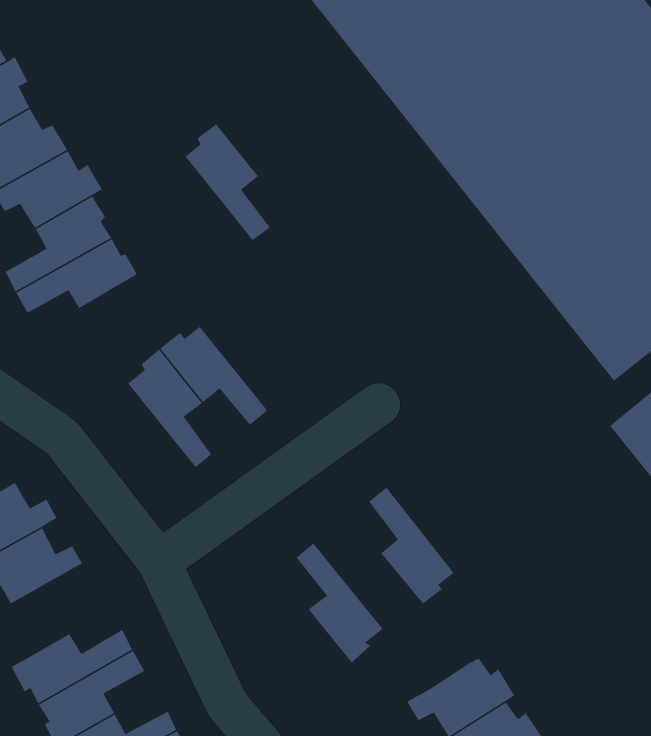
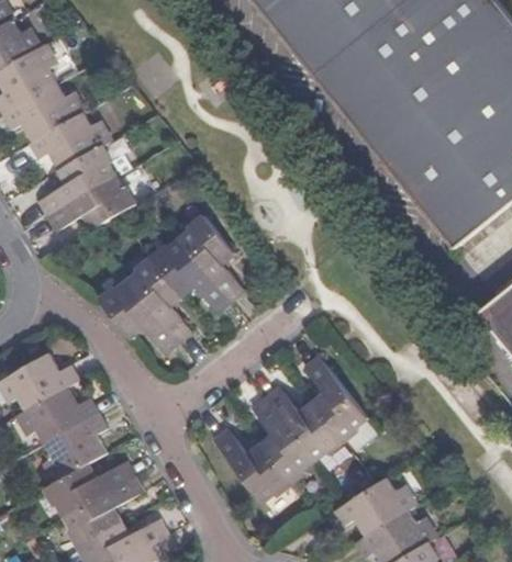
building: [184,123,271,241] -> [181,216,244,302]
building: none -> [99,282,178,355]
building: none -> [264,386,343,460]
building: none -> [44,413,105,481]
building: none -> [213,430,291,502]

